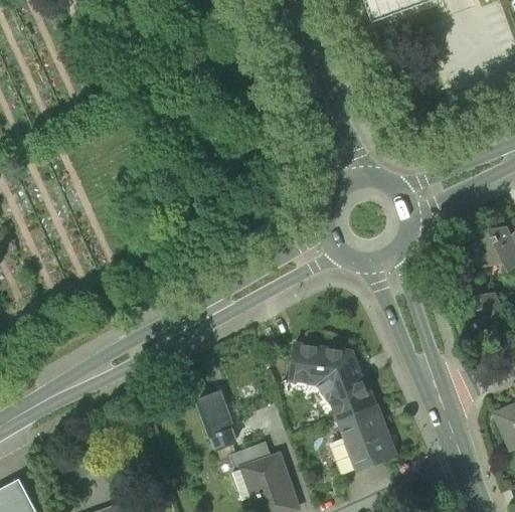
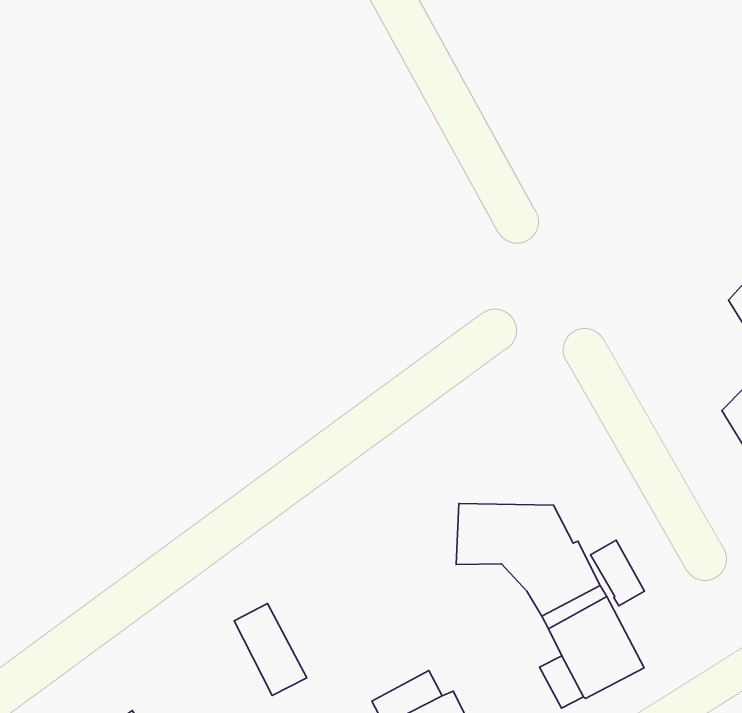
building: none -> [590,540,645,606]
building: [198,392,237,448] -> [234,603,307,695]

